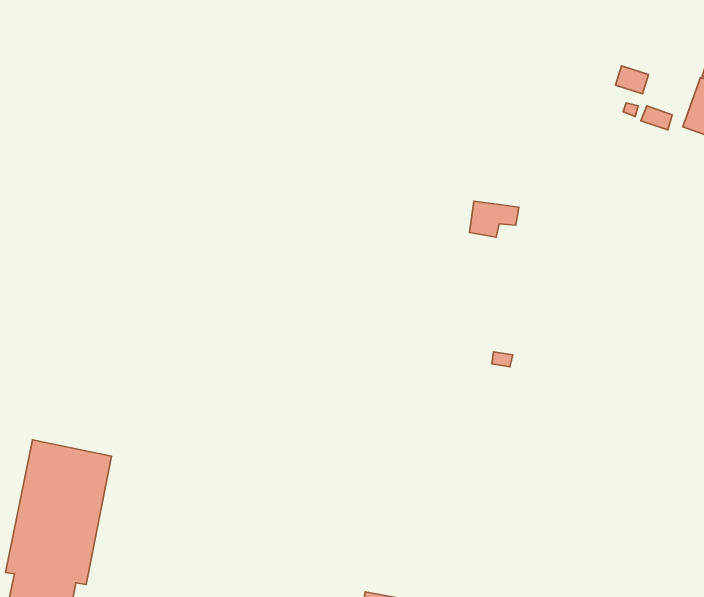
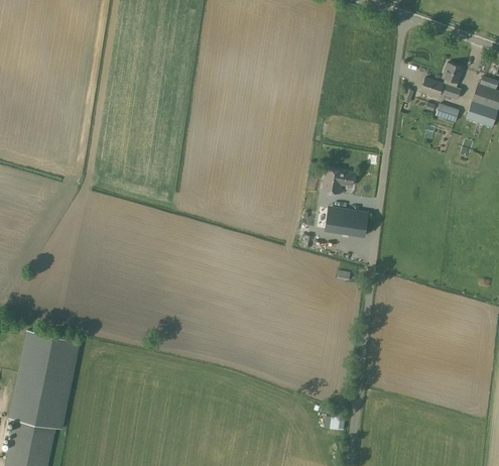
building: none -> [440,63,463,100]
building: none -> [325,210,368,236]

